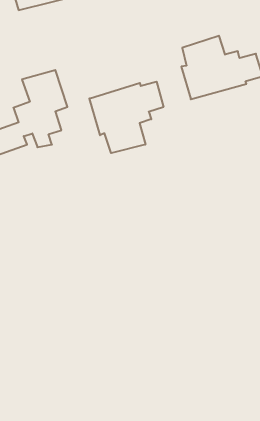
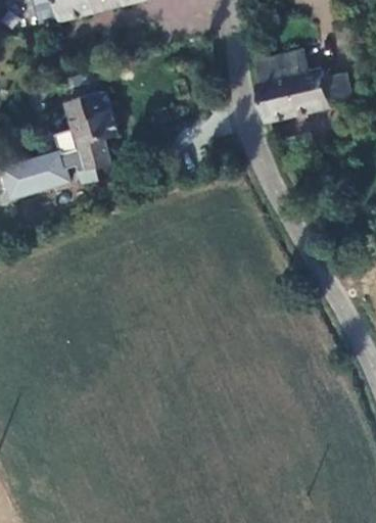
building: [89,82,163,153] -> none

